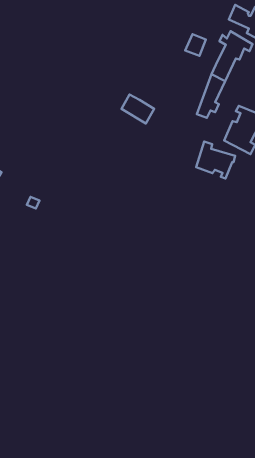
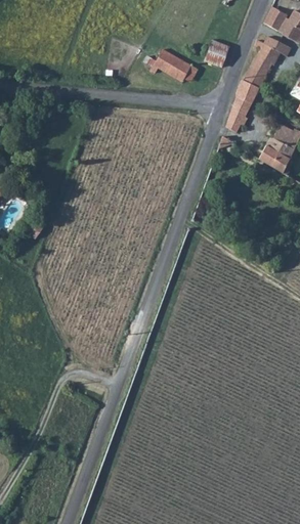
building: [121,94,154,124] -> [159,49,196,82]
building: [196,142,235,178] -> none

